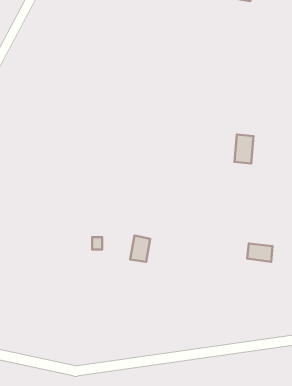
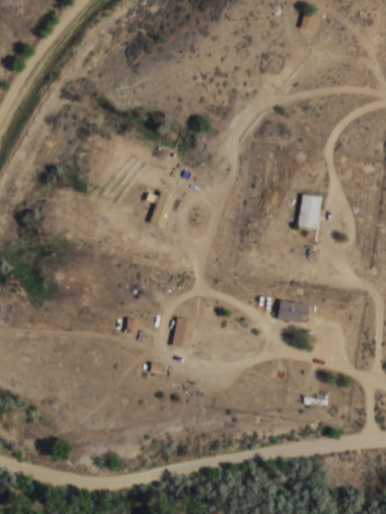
building: [247,244,273,262] -> [277,301,309,323]

